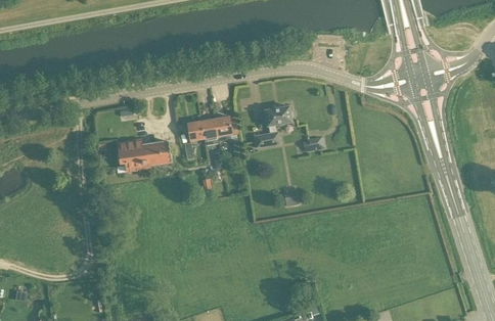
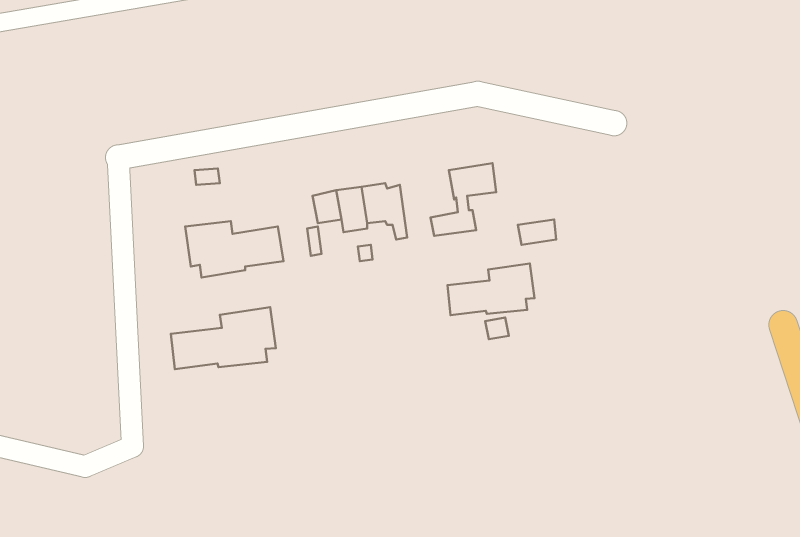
building: none -> [447,263,534,315]
building: none -> [171,307,276,369]

